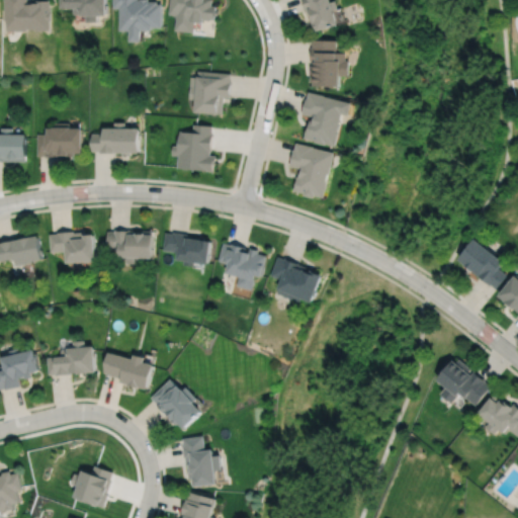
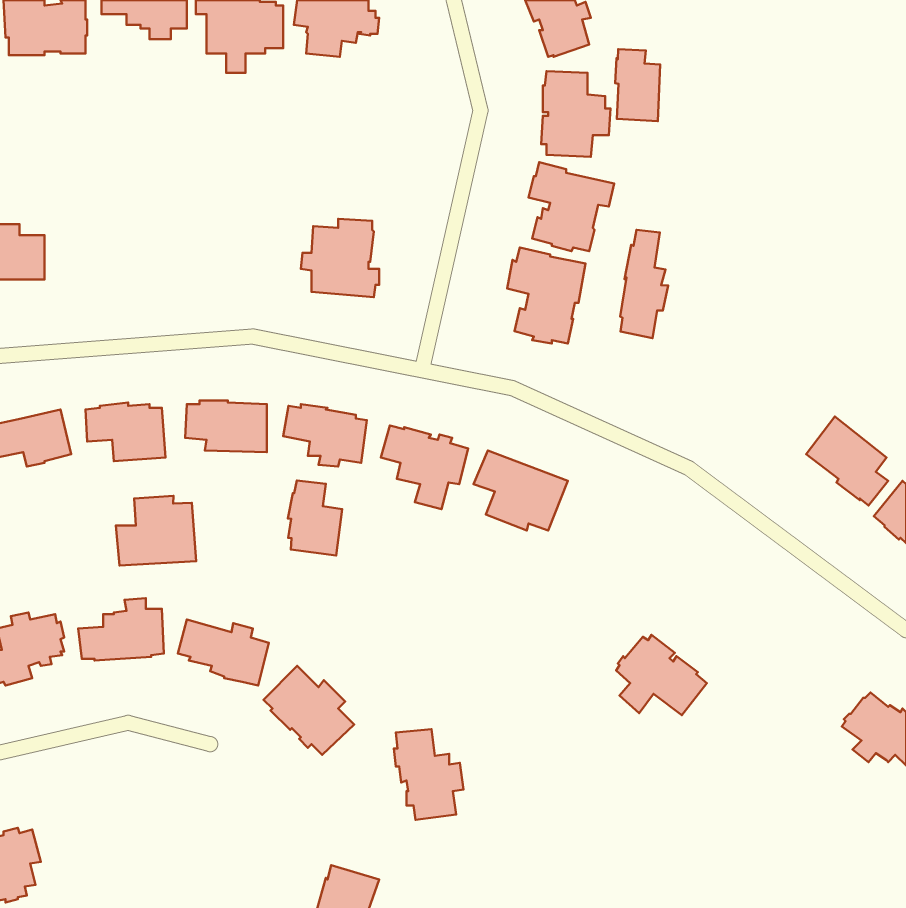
building: none -> [615,49,660,121]
building: [187,72,231,116] -> none
building: [90,123,141,155] -> none
building: [35,124,82,156] -> none
building: none -> [620,230,668,338]
building: none -> [288,480,342,556]
building: none -> [116,496,196,565]
building: [438,359,490,405] -> [616,635,707,715]
building: [181,437,221,489] -> [394,729,463,820]
building: [69,466,112,508] -> none

